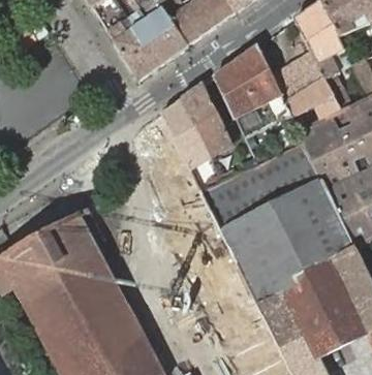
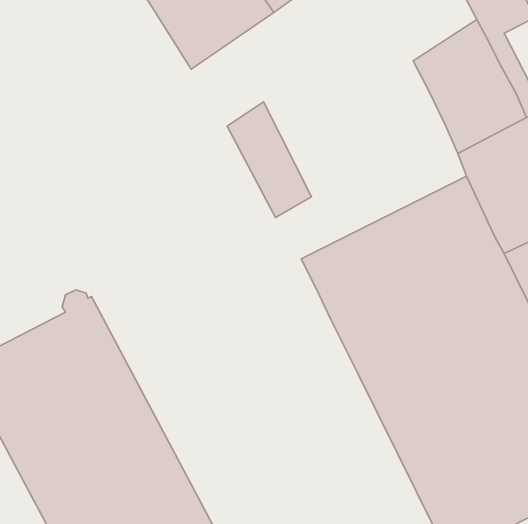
building: [214,44,290,135] -> none
building: [181,83,230,155] -> none

